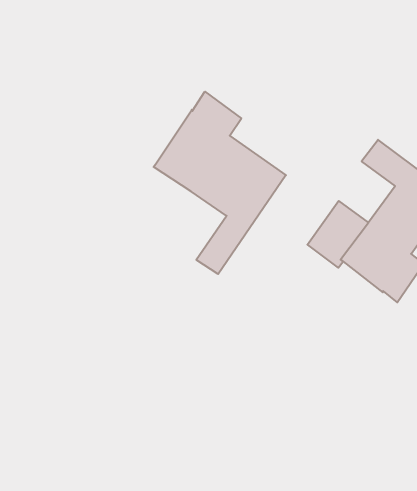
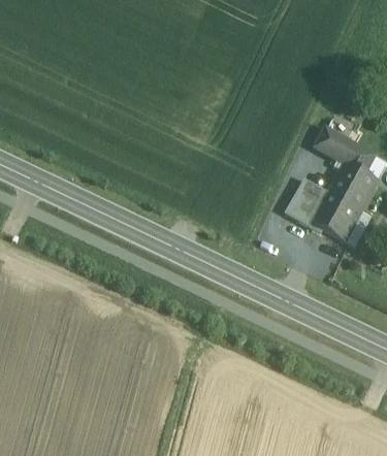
building: [154,92,286,274] -> none

